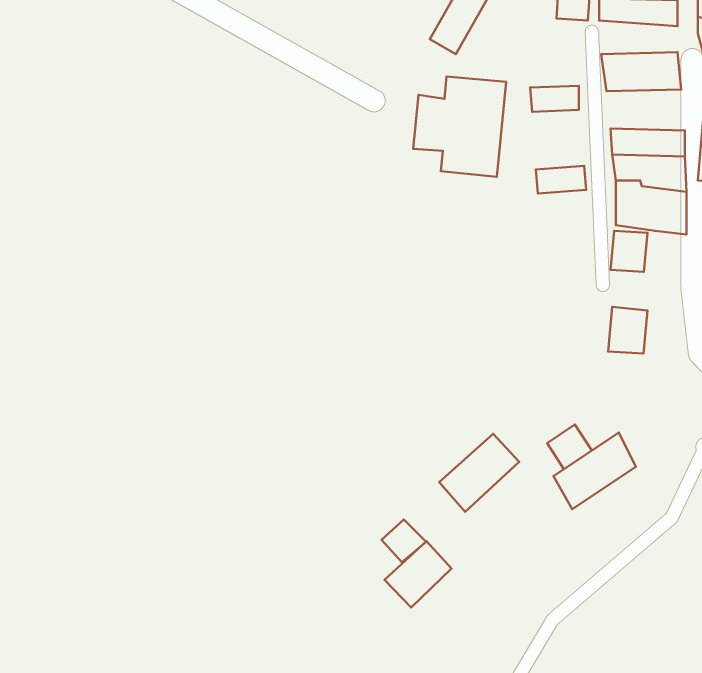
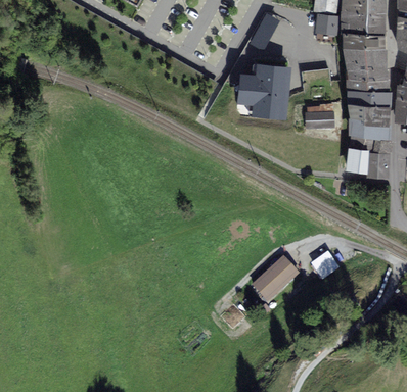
building: none -> [342,32,385,50]
building: none -> [346,69,389,92]
building: [608,307,647,353] -> [368,151,390,177]
building: [553,433,636,509] -> none
building: [385,541,452,607] -> none

